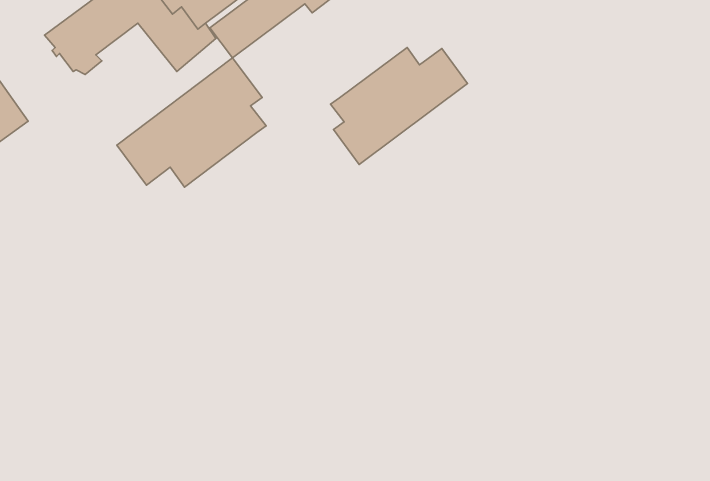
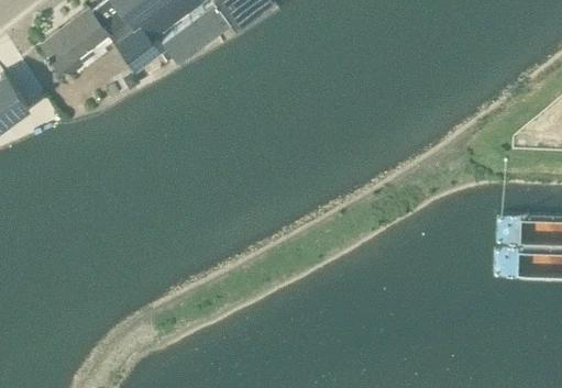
building: [331,47,468,164] -> none
building: [117,58,266,187] -> none

